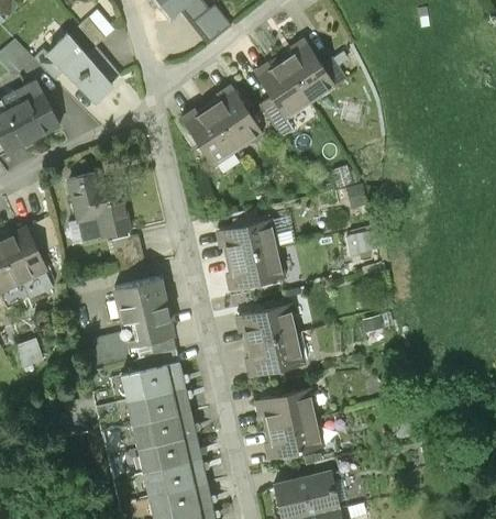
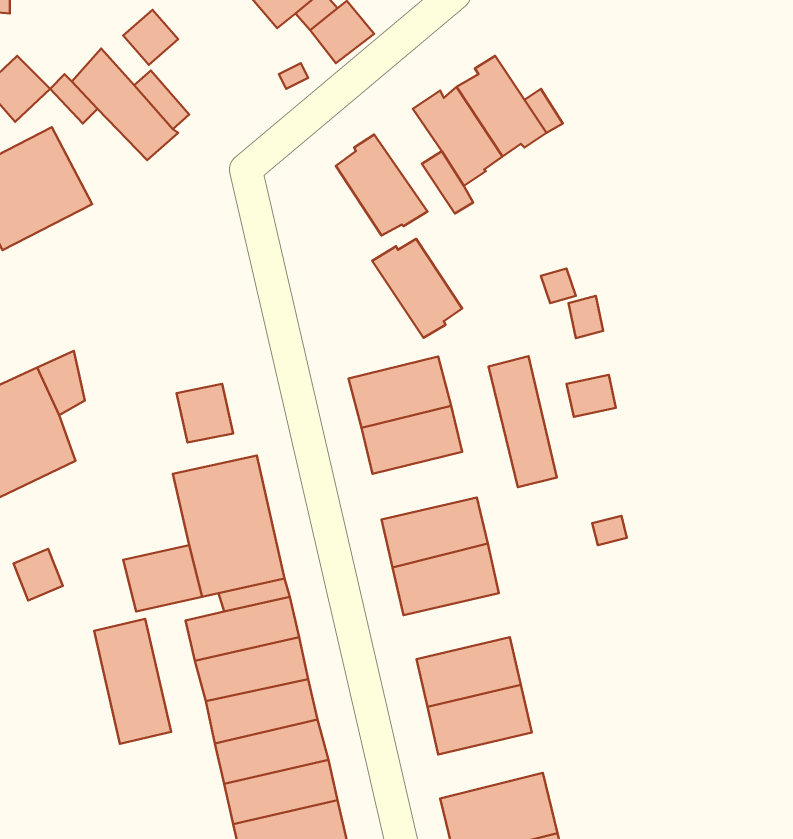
building: [181,106,235,165] -> [372,239,462,338]
building: [66,174,132,244] -> none
building: none -> [488,356,557,487]
building: none -> [94,619,171,744]

